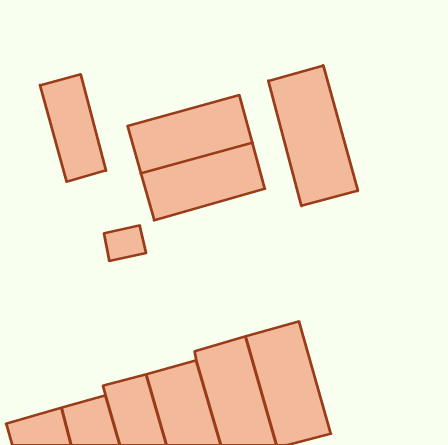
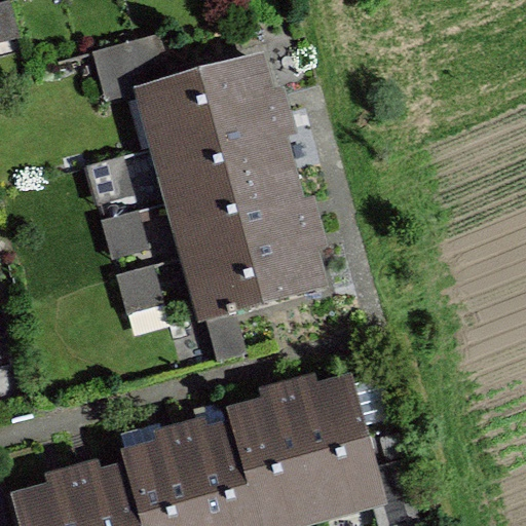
building: none -> [133,52,279,147]
building: [268,65,358,206] -> none
building: [40,74,106,182] -> none
building: none -> [180,220,327,317]

